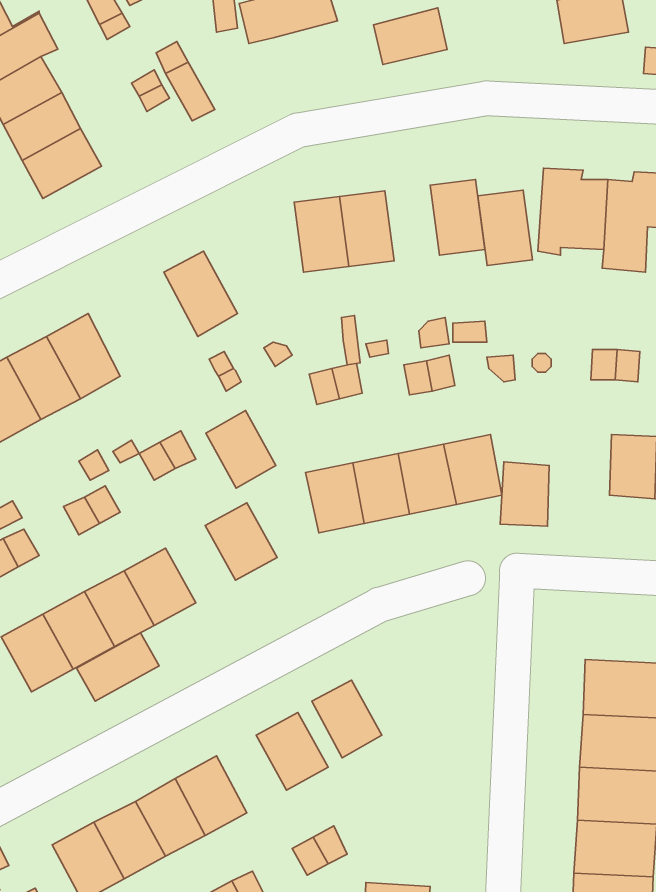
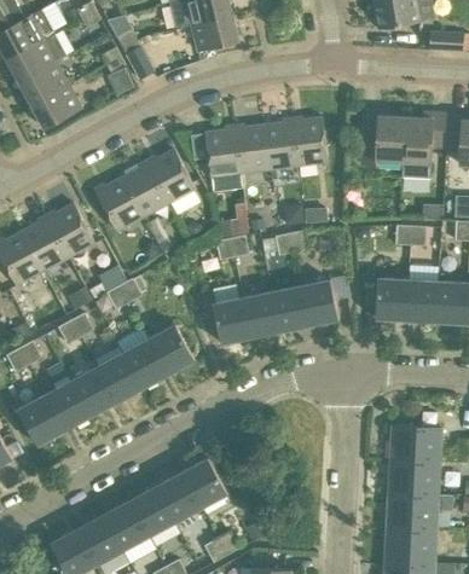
building: [373,8,447,65] -> [192,16,239,52]
building: [478,190,532,266] -> [264,121,299,169]
building: none -> [147,149,195,203]
building: none -> [95,176,144,231]
building: [206,411,276,488] -> [123,338,168,388]
building: [500,462,549,526] -> [377,278,409,319]
building: [77,633,159,701] -> none
building: [312,680,382,758] -> [156,472,201,522]

